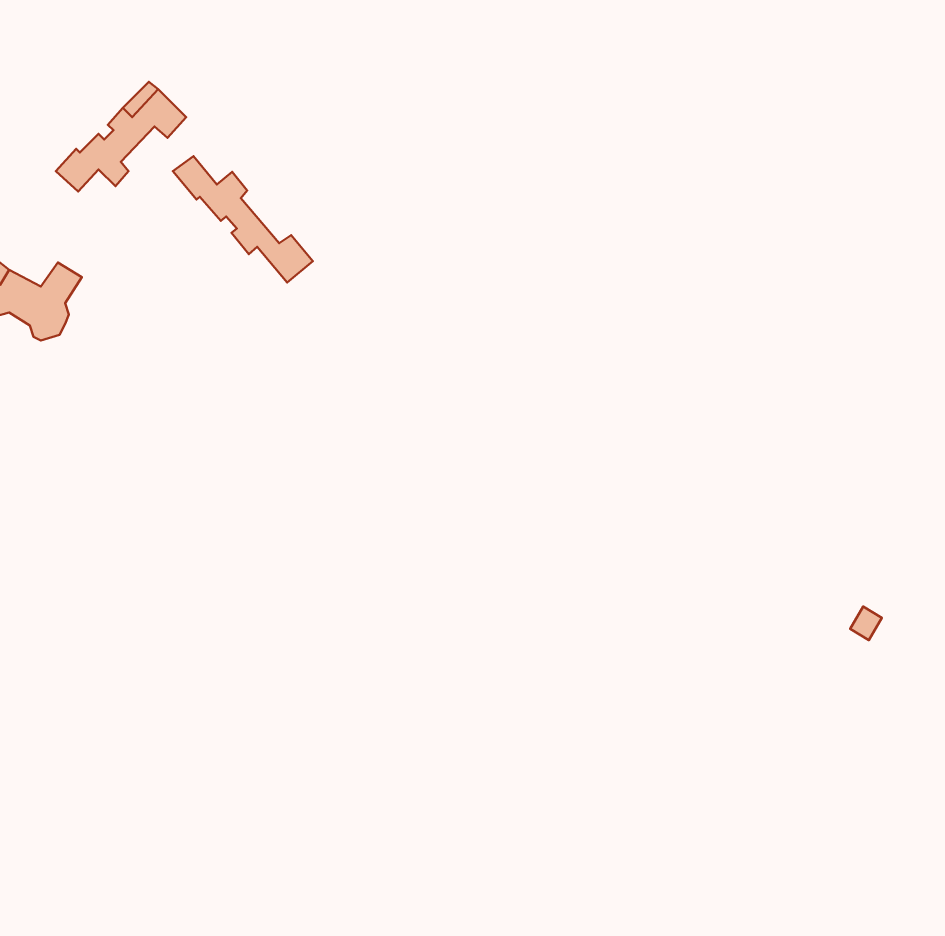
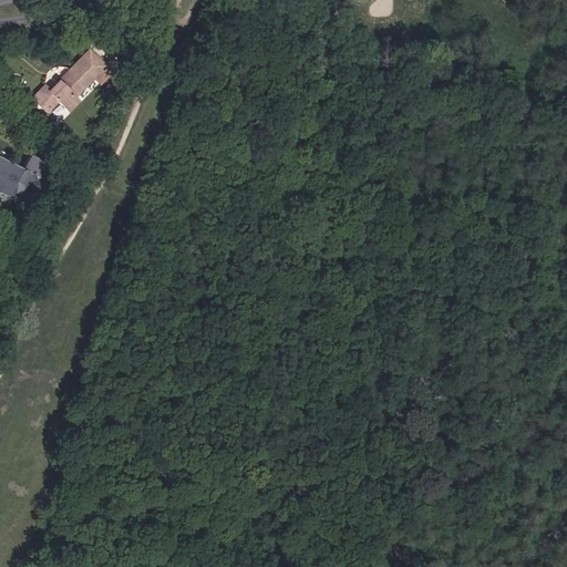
building: [173,156,313,283] -> none

